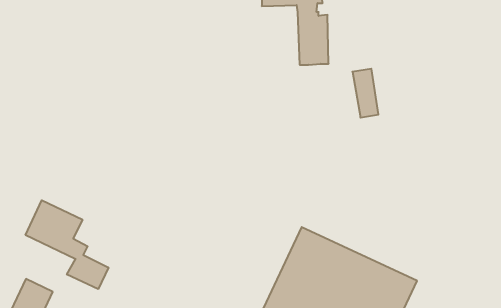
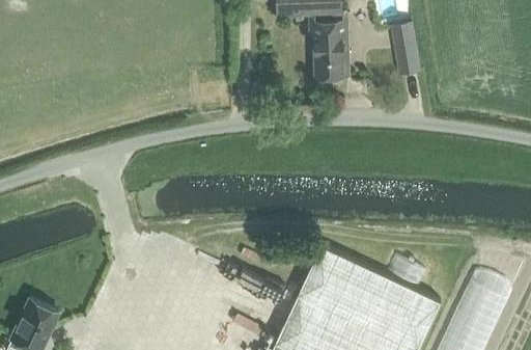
building: [352,69,378,118] -> [391,25,418,76]
building: [26,200,108,289] -> none

